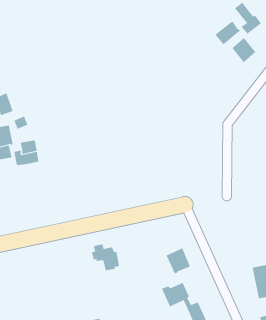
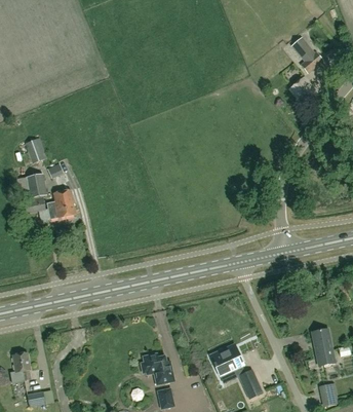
building: [214,21,241,45] -> none
building: [91,244,120,271] -> [142,354,173,384]
building: [166,248,190,274] -> none

